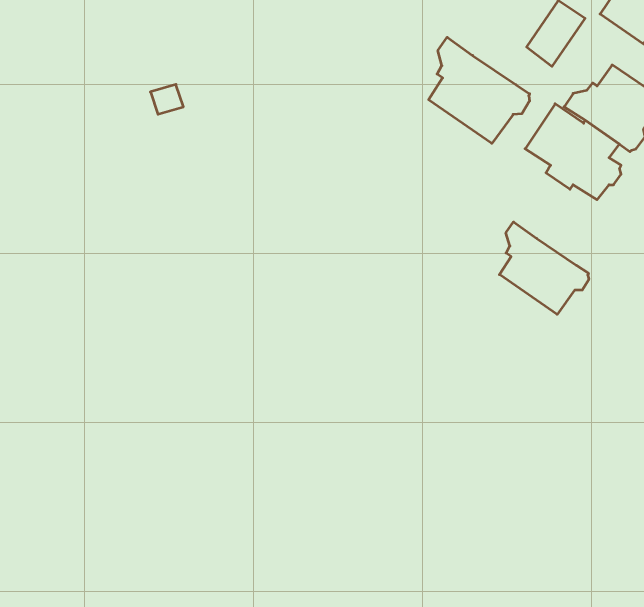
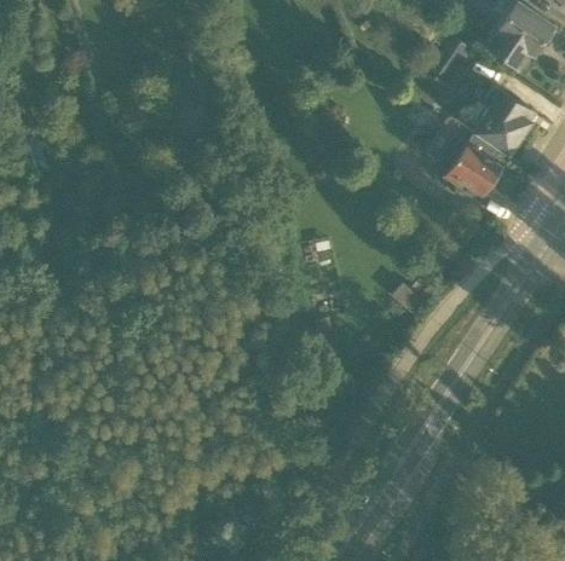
building: [429,37,530,143] -> none
building: [499,222,589,314] -> none

